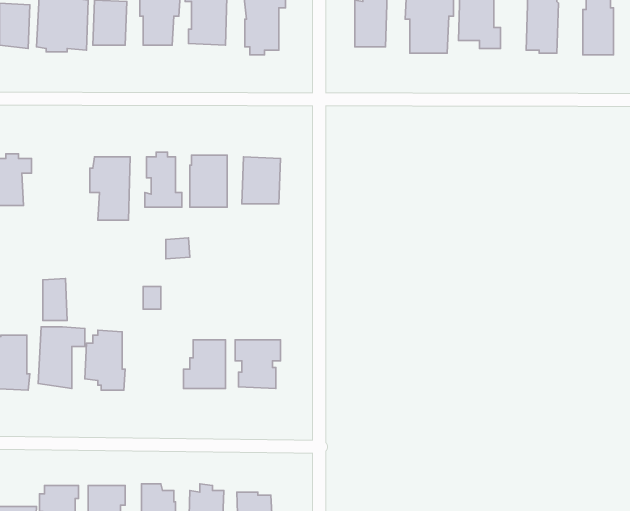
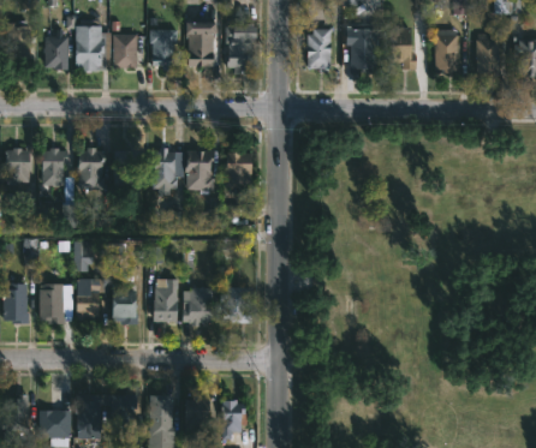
building: none -> [79,145,108,187]
building: none -> [150,280,181,321]

